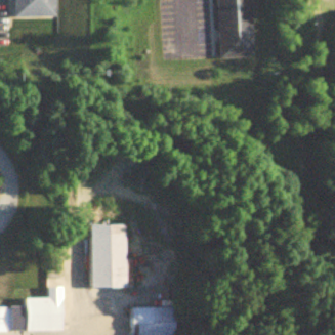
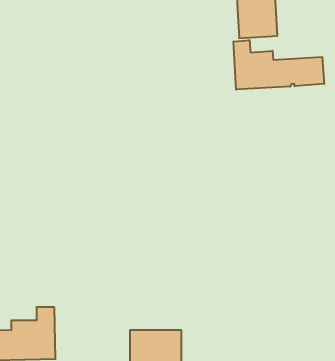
building: none -> [234,40,324,90]
building: [88,225,124,288] -> none

